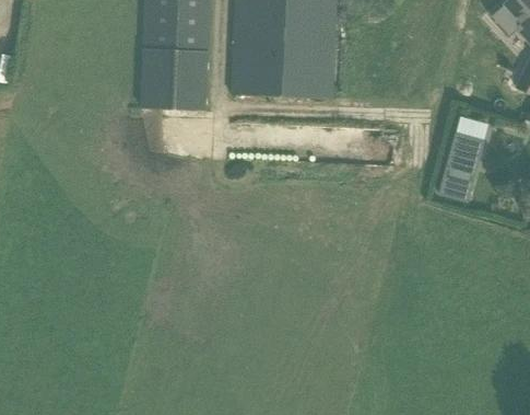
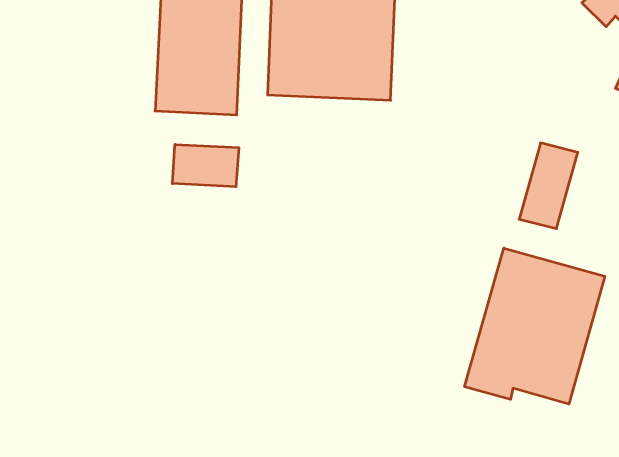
building: none -> [172,144,239,187]
building: none -> [465,248,605,404]

